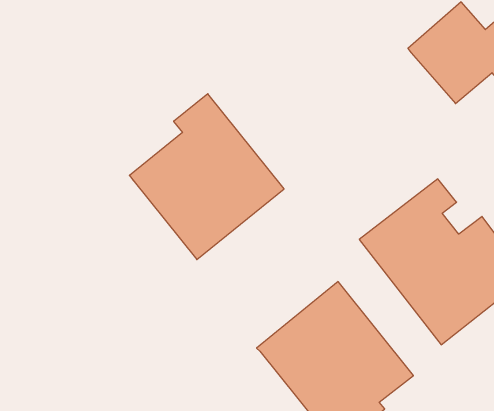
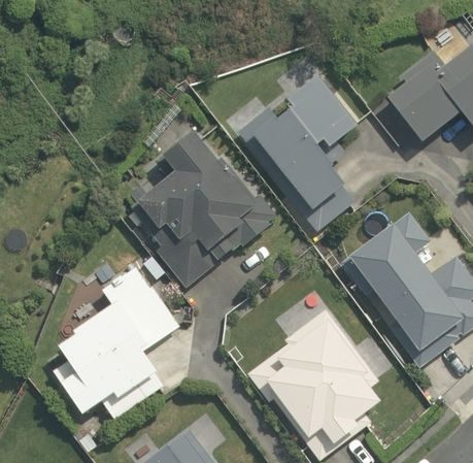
building: none -> [235,66,366,232]
building: none -> [50,262,182,422]

